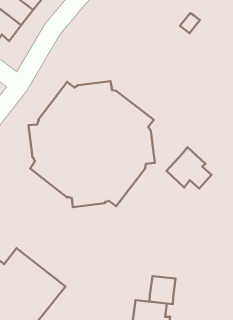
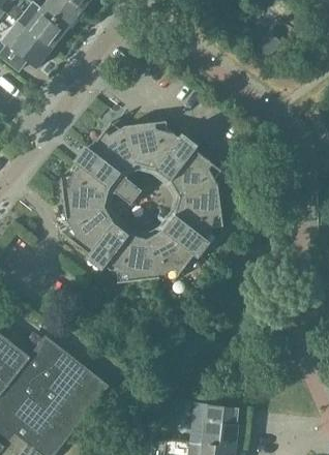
building: [166,147,211,188] -> none
building: [150,276,176,304] -> none

